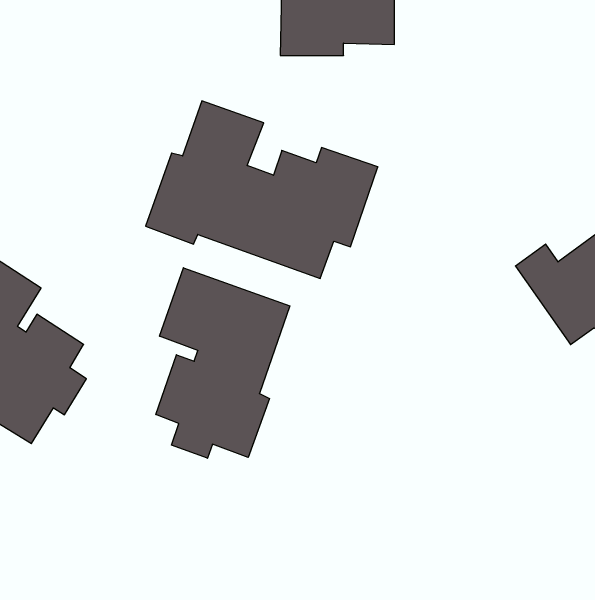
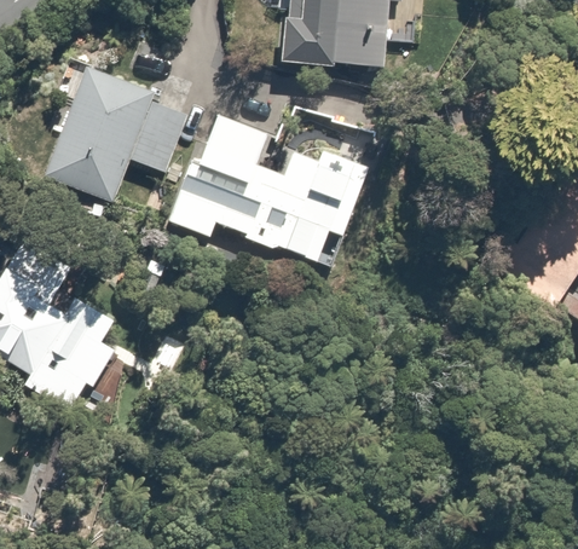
building: none -> [44,65,187,202]
building: [156,268,290,458] -> none

